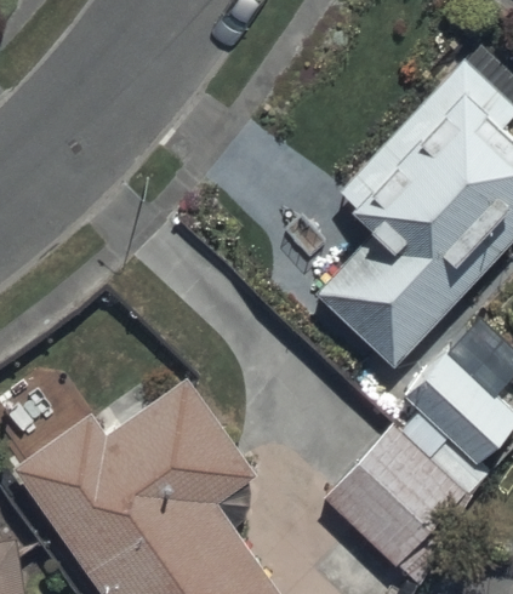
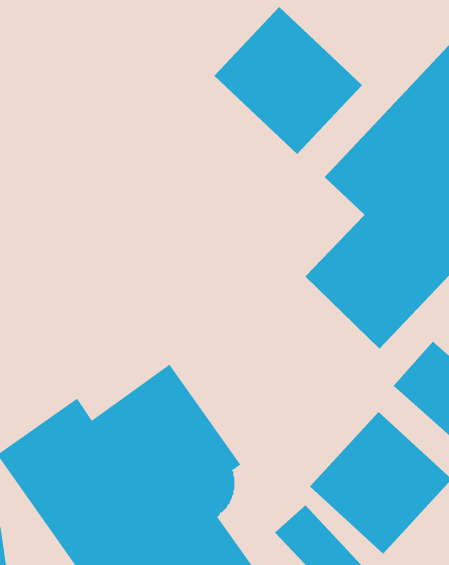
building: none -> [213,6,363,155]

